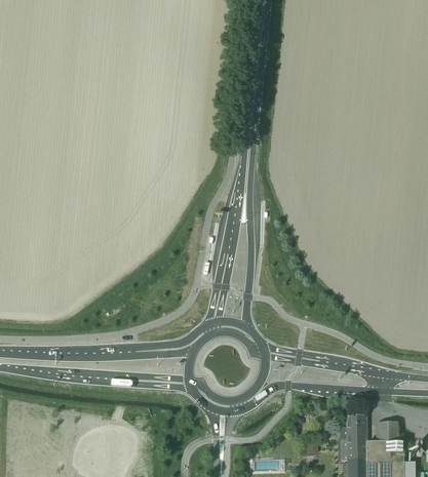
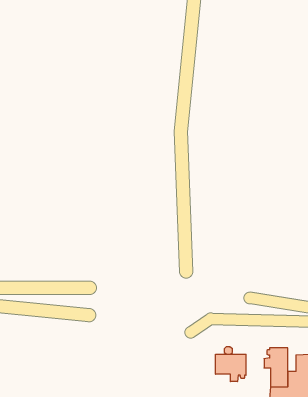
building: none -> [216,354,246,382]

